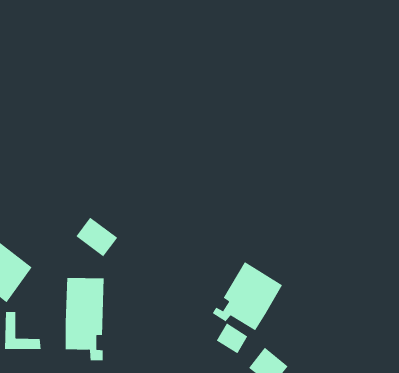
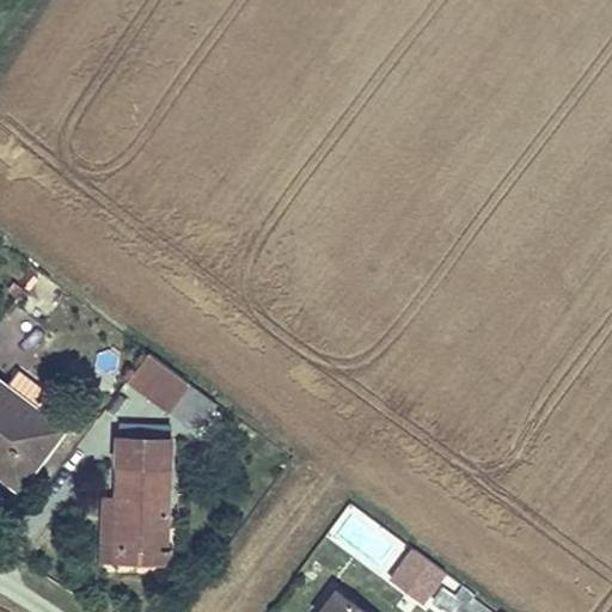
building: [212,261,283,331] -> none
building: [4,311,41,349] -> [96,509,151,565]

